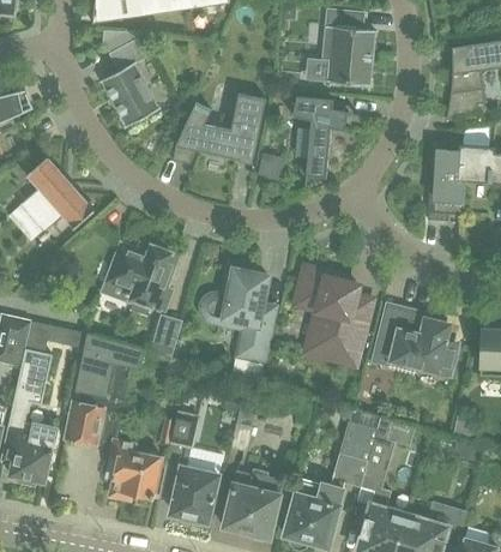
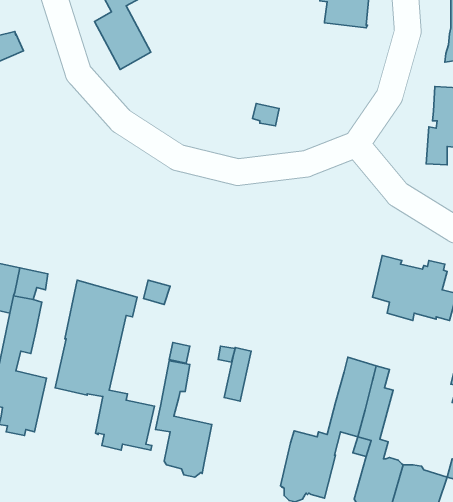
building: [171,94,265,163] -> none
building: [291,95,348,178] -> none
building: [20,155,93,229] -> none
building: [111,244,177,310] -> none
building: [201,262,268,360] -> none
building: [295,266,366,364] -> none
building: [222,468,282,540] -> none

